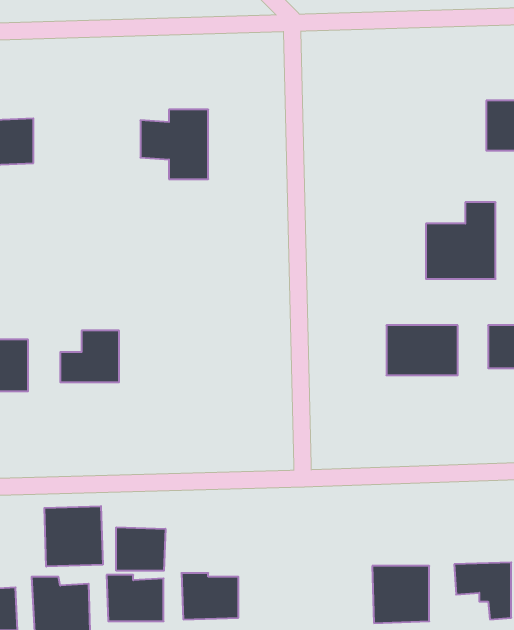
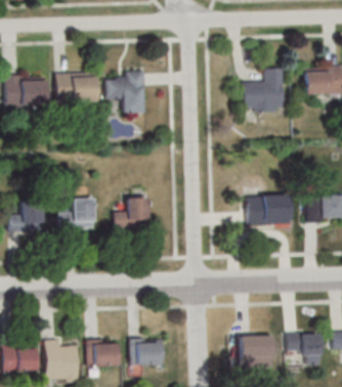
building: none -> [54,71,95,105]
building: [426,202,496,279] -> [244,69,284,113]
building: none -> [115,198,148,229]
building: [44,506,103,567] -> none
building: [116,527,165,571] -> none

